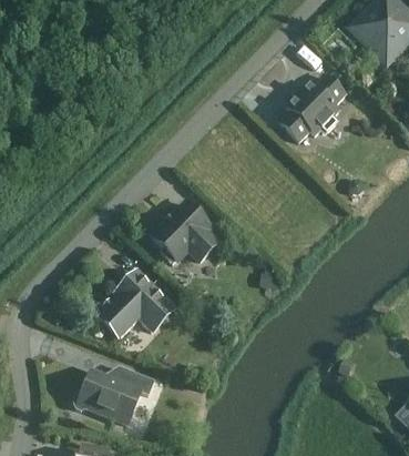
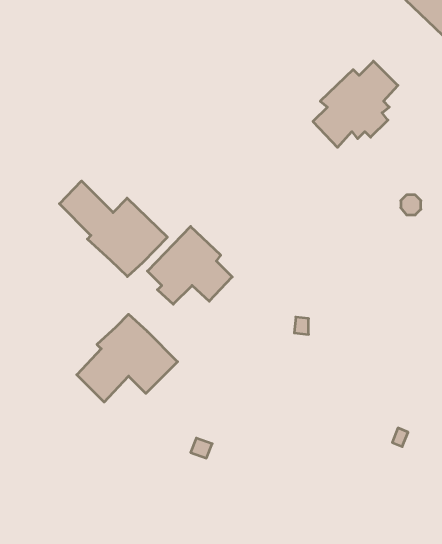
building: none -> [59,181,167,277]
building: [71,365,152,423] -> none

